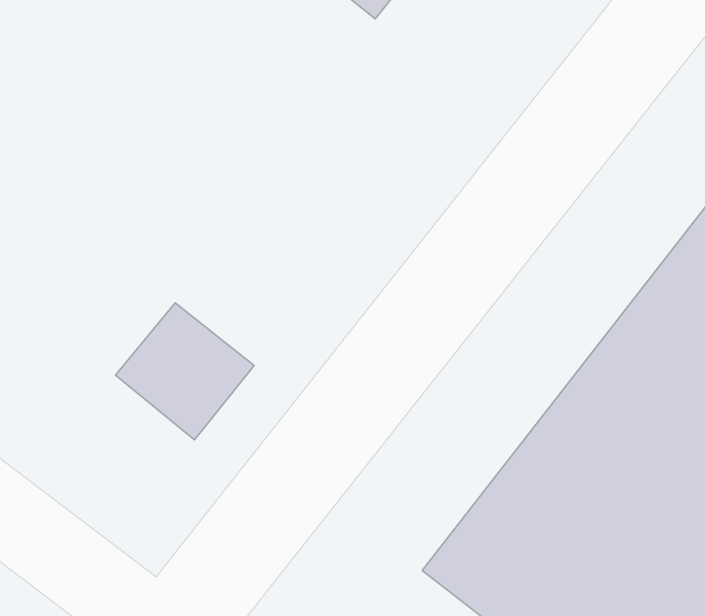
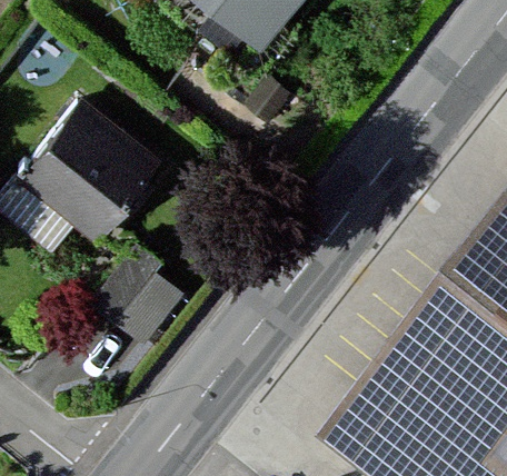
building: none -> [26,102,173,247]

